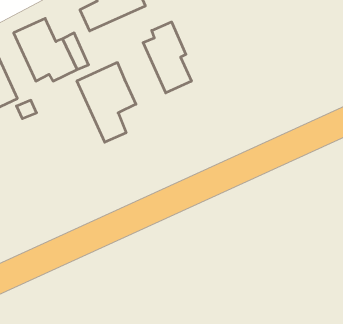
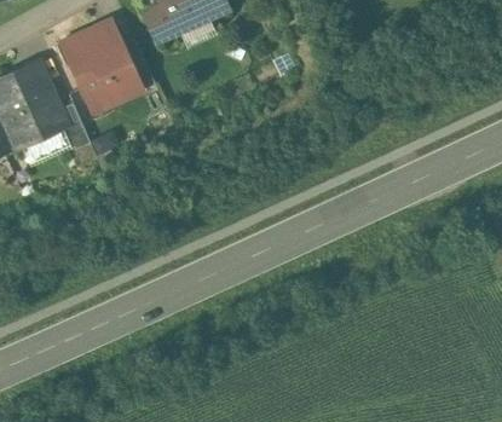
building: [143,22,191,93] -> none
building: [77,63,136,142] -> none

